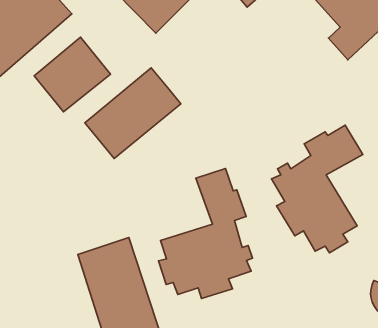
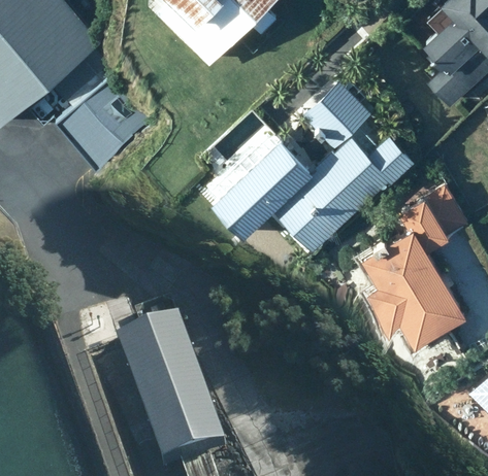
building: none -> [207,79,414,250]
building: [85,68,181,158] -> none
building: [158,168,252,299] -> none

